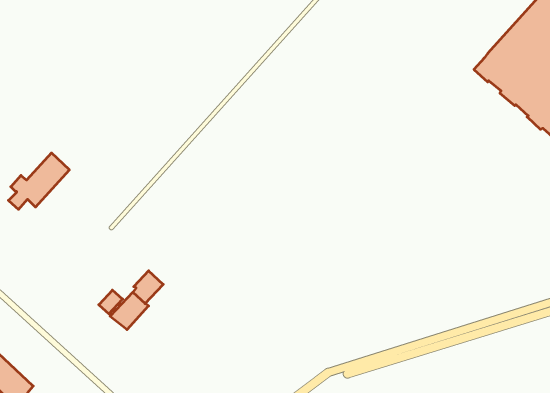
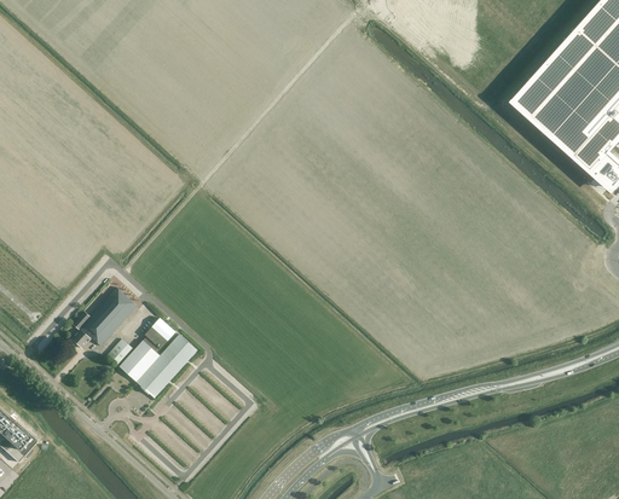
building: [8,153,69,209] -> [71,288,137,348]
building: none -> [138,333,197,398]

